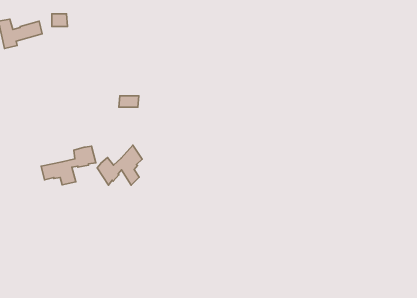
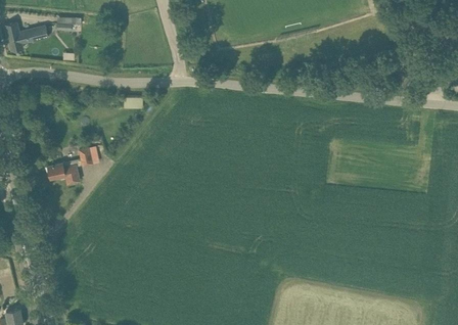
building: [97,145,142,185] -> none

